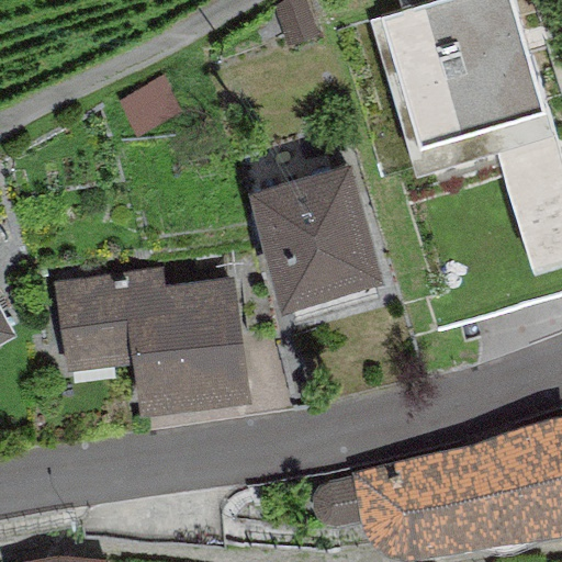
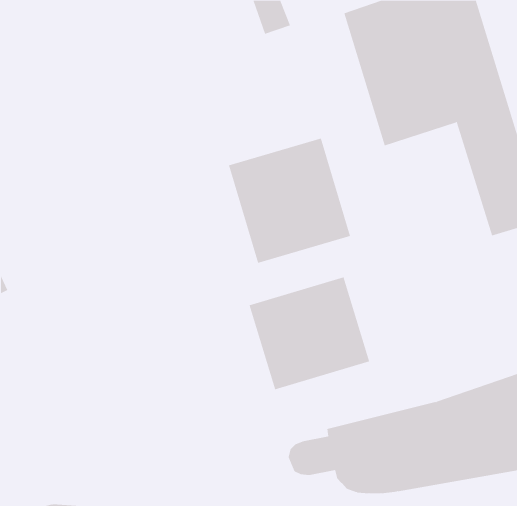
building: [55,276,250,414] -> none
building: none -> [249,276,370,390]

